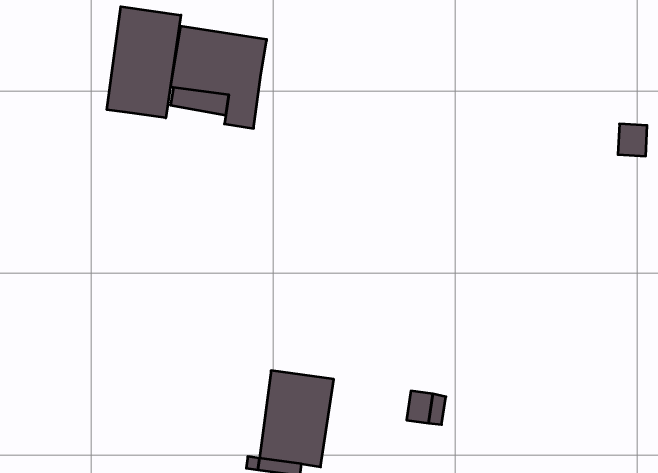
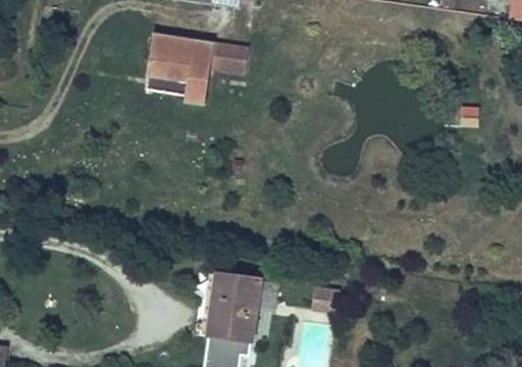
building: [107,7,181,118] -> none
building: none -> [209,44,248,73]

